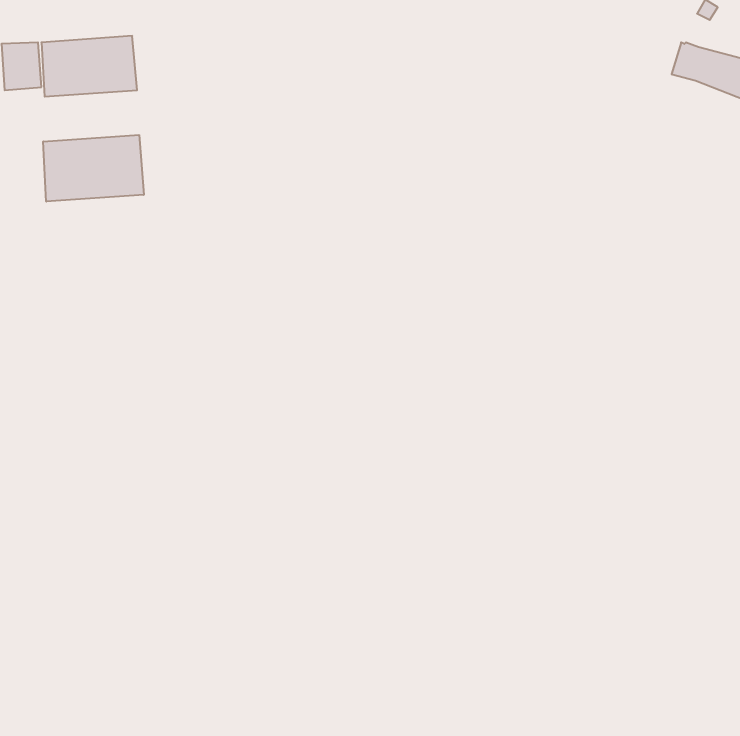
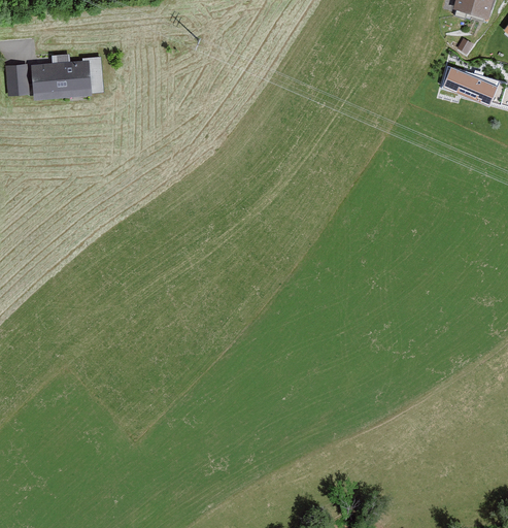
building: [43,135,144,202] -> none

